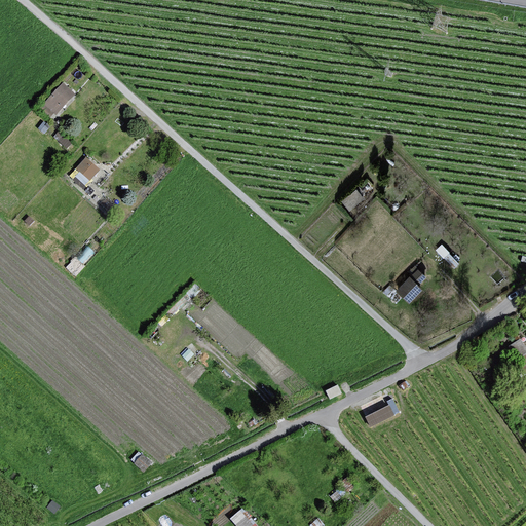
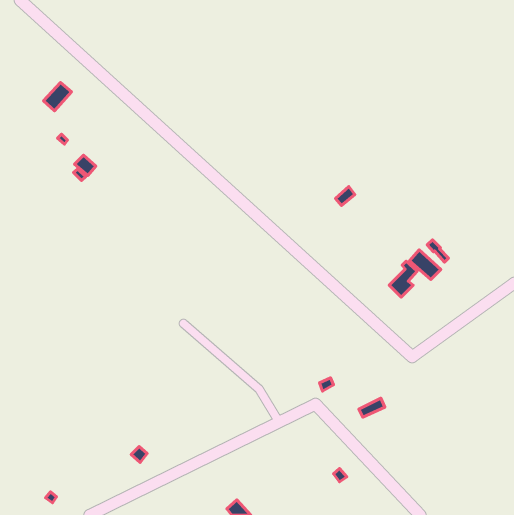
building: none -> [409,250,441,280]

